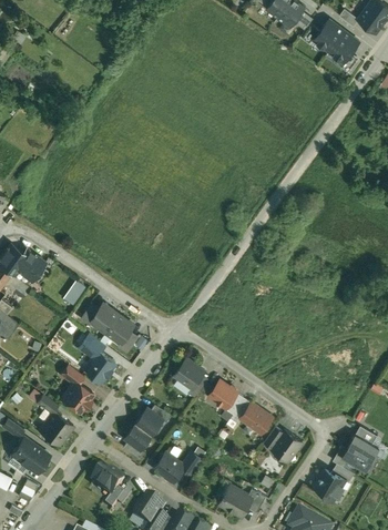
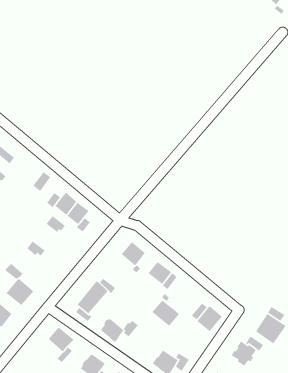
building: [85,350,116,381] -> none
building: [63,380,93,412] -> none
building: [239,402,274,435] -> [152,300,180,327]

